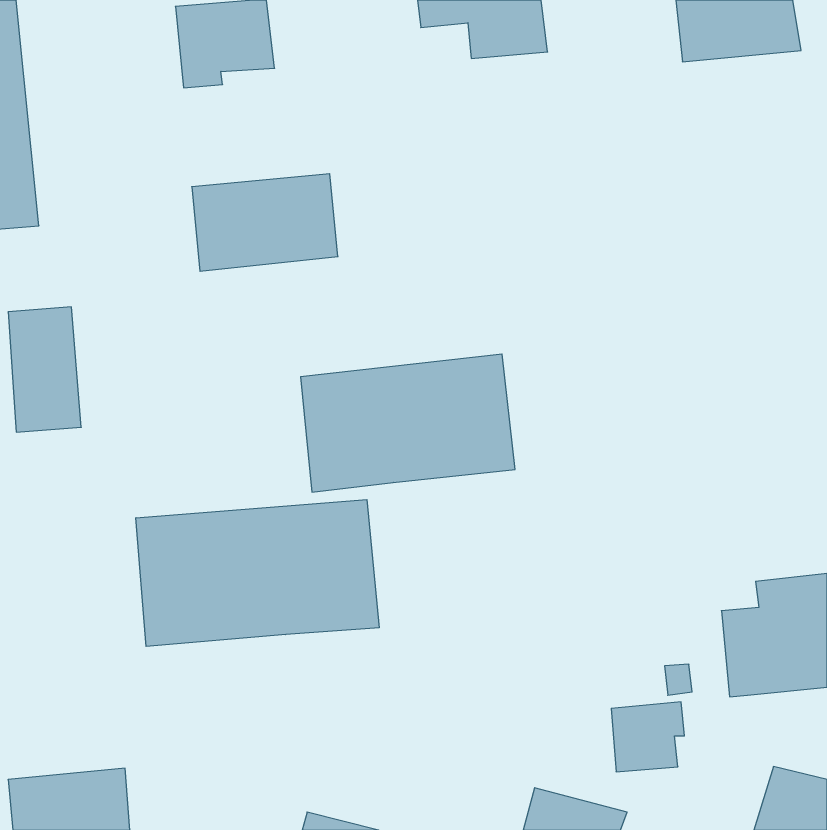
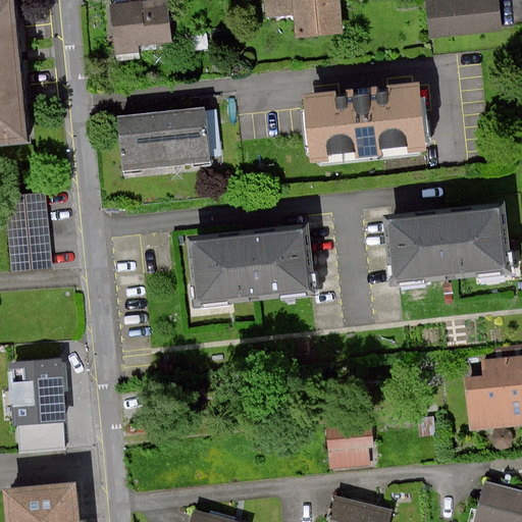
building: none -> [307,83,429,163]
building: none -> [385,206,509,281]
building: [136,500,379,646] -> none
building: none -> [10,358,67,454]
building: [611,702,684,772] -> [327,424,373,468]

